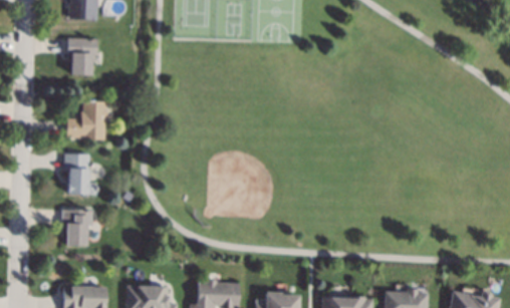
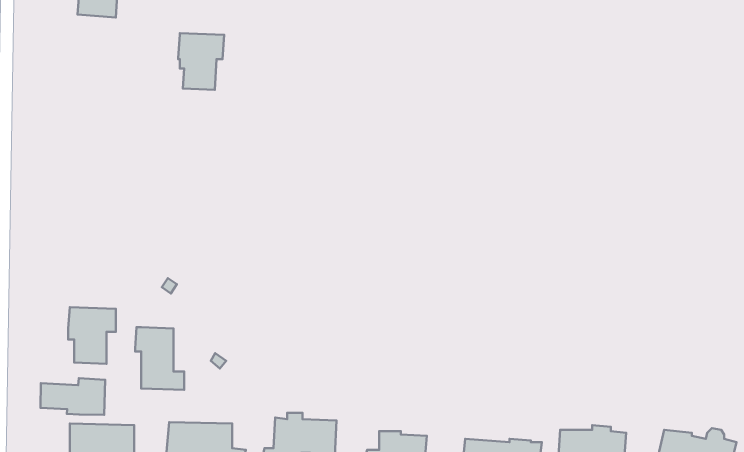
building: [67,38,97,75] -> [178,33,224,90]
building: [67,100,108,139] -> none
building: [65,153,97,195] -> [135,327,184,390]
building: none -> [41,378,105,415]

